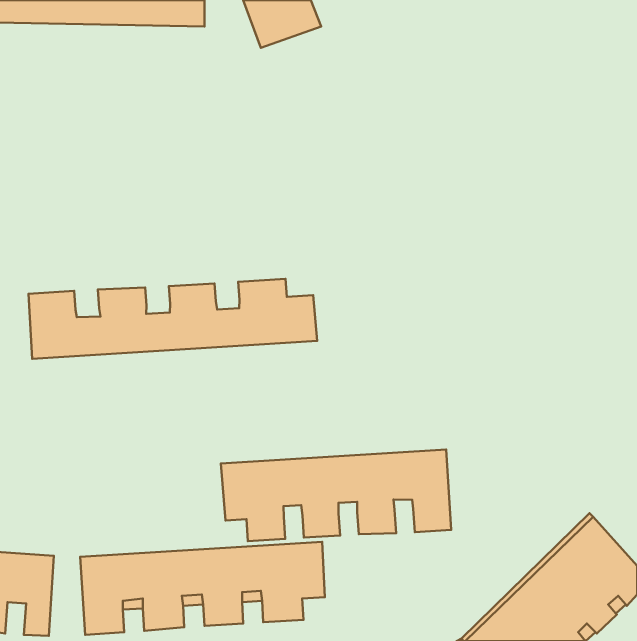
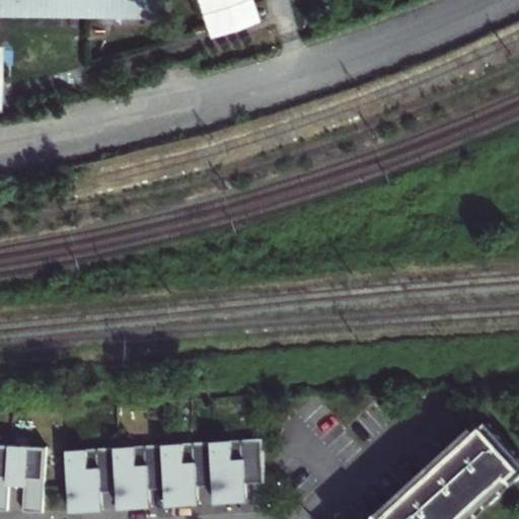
building: [28,279,317,359] -> none
building: [221,449,451,541] -> none

